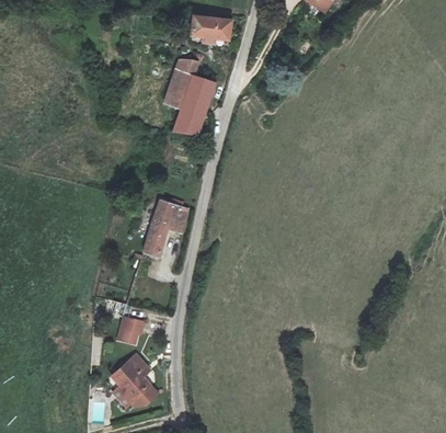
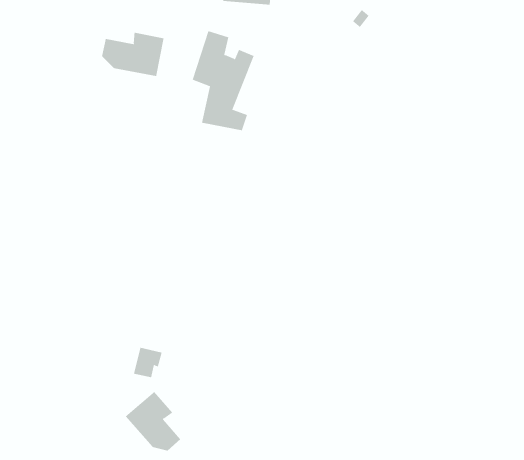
building: none -> [102,32,164,77]
building: [145,201,188,255] -> none

